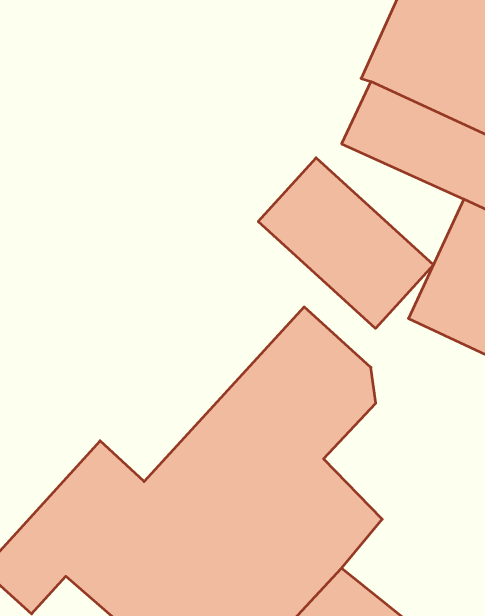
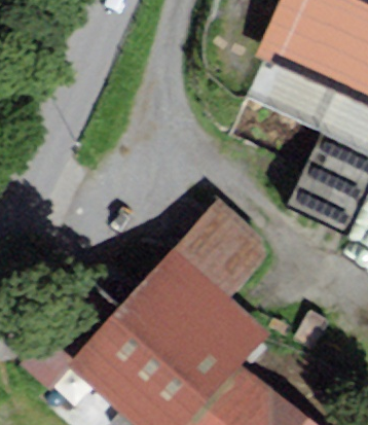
building: [258,158,433,328] -> none

